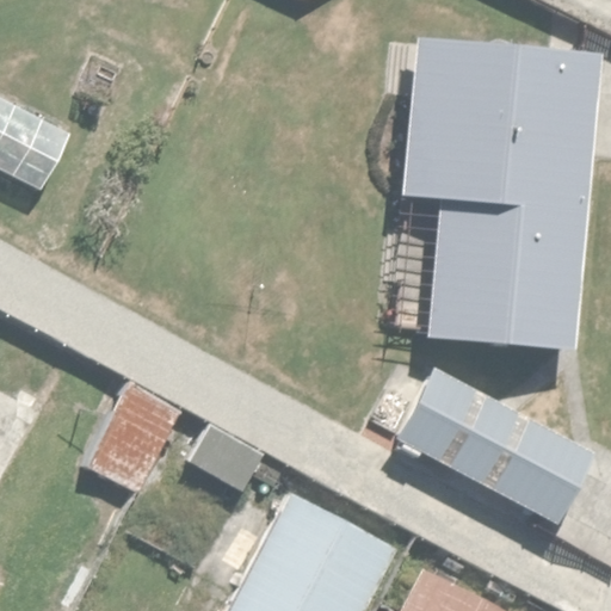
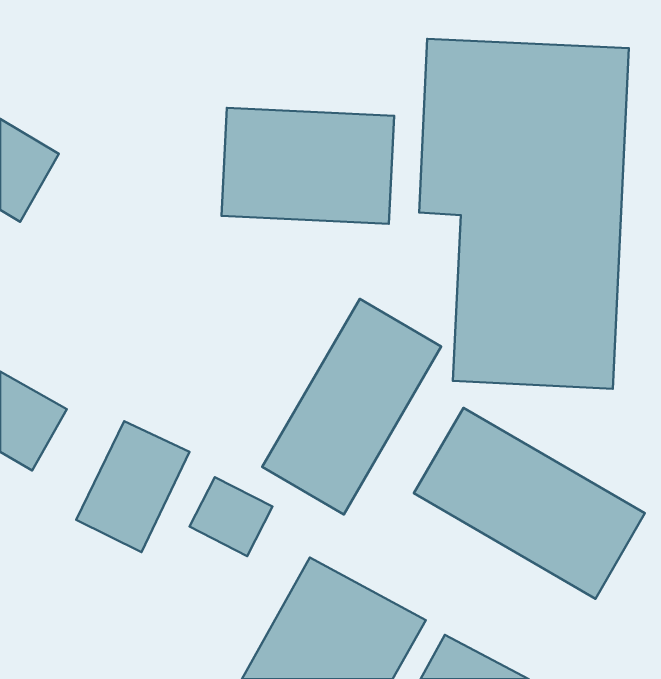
building: none -> [222,108,394,224]
building: none -> [262,299,441,514]

